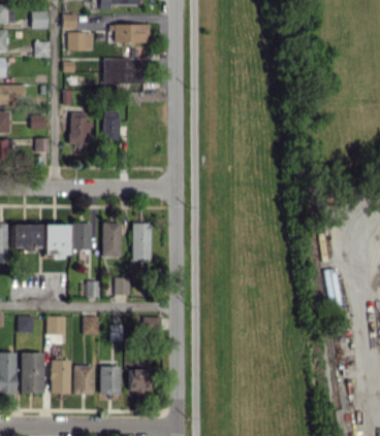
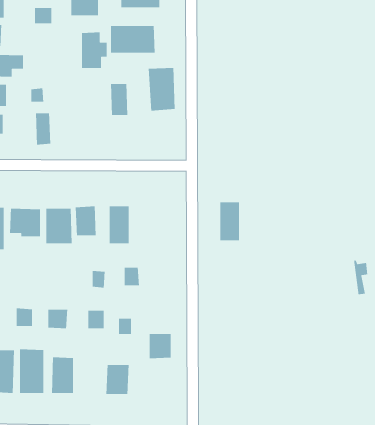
building: none -> [148,67,176,111]
building: [70,111,94,145] -> [81,32,107,69]
building: [133,223,152,259] -> [219,201,240,241]
building: [74,365,95,394] -> none
building: [130,369,151,393] -> [149,333,172,359]

